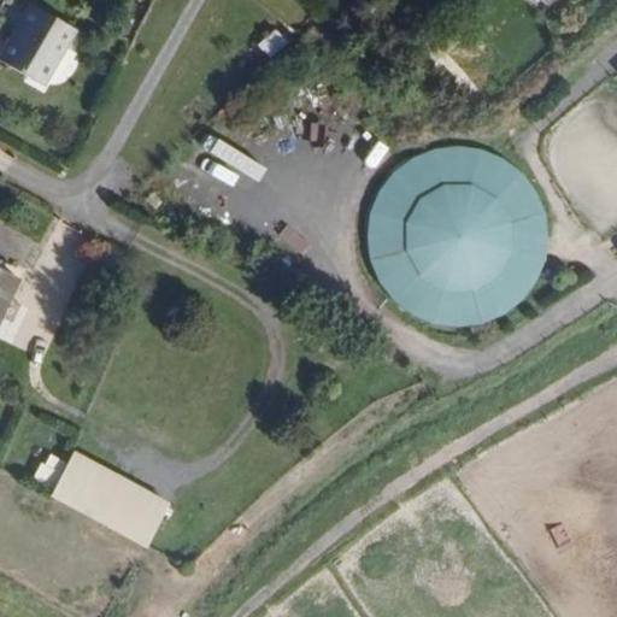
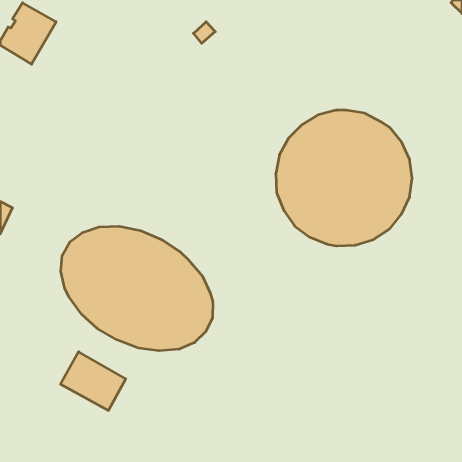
building: none -> [61,226,213,351]
building: [49,453,105,512] -> none

